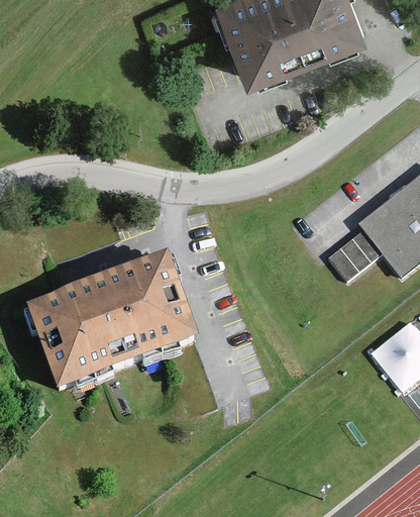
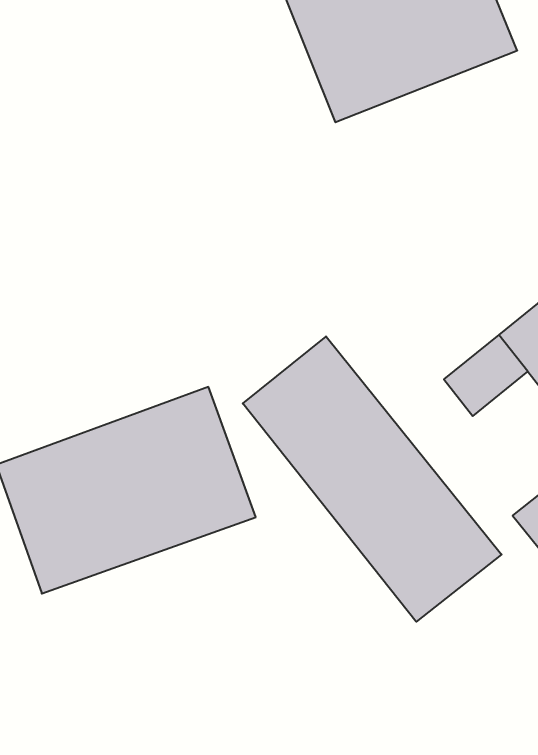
building: none -> [243,336,502,622]

